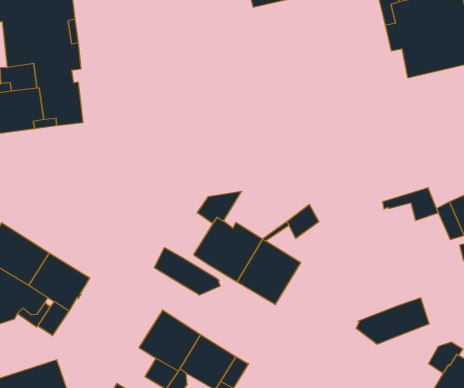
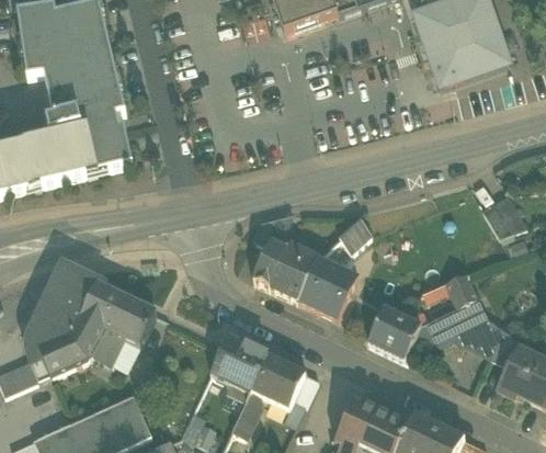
building: [382,188,438,220] -> [422,272,477,305]
building: [154,248,220,295] -> none
building: none -> [367,307,422,359]
building: none -> [456,317,511,358]

